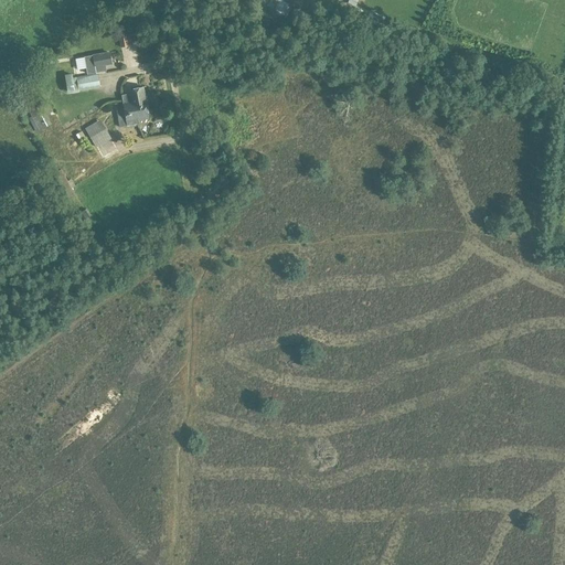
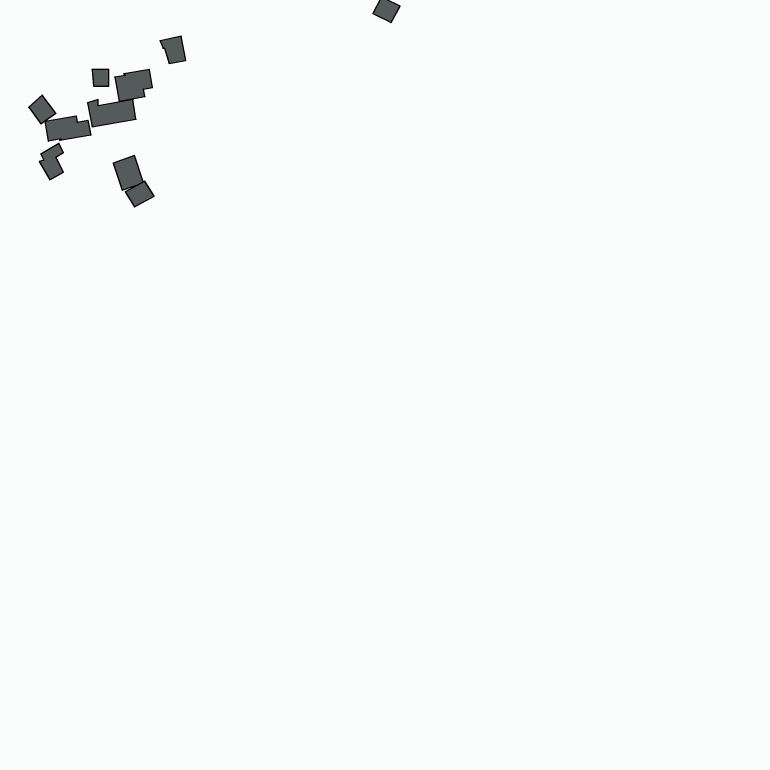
building: none -> [45,116,91,141]
building: [118,87,149,127] -> none

